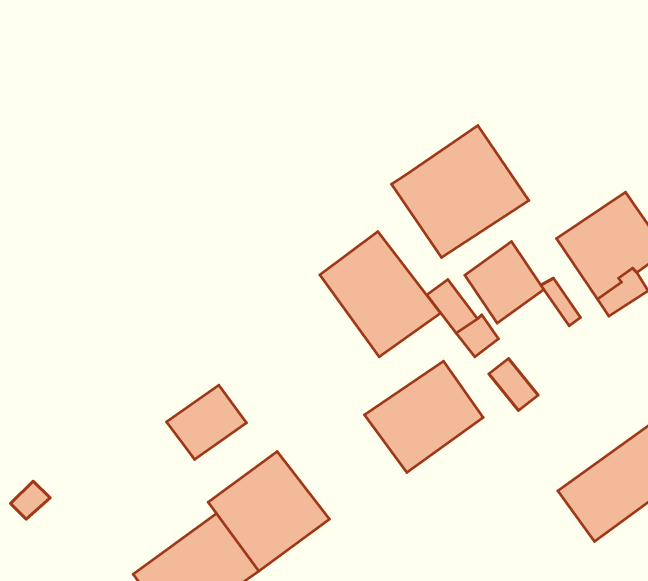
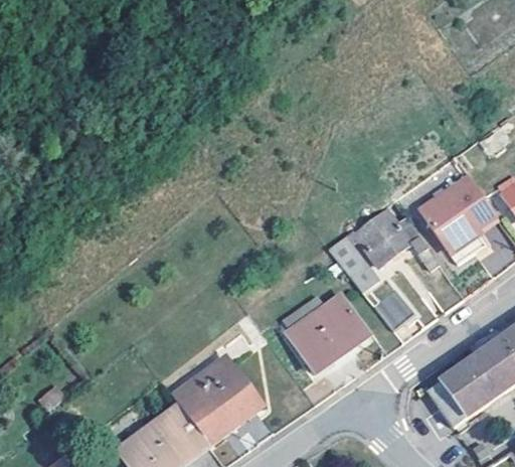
building: [391,125,529,257] -> none
building: [320,232,441,357] -> none
building: [167,385,247,459] -> none

